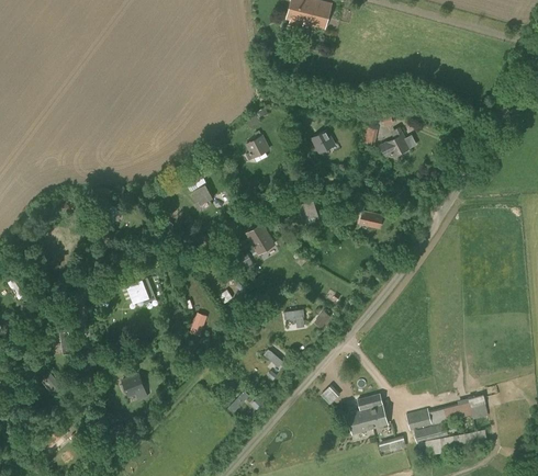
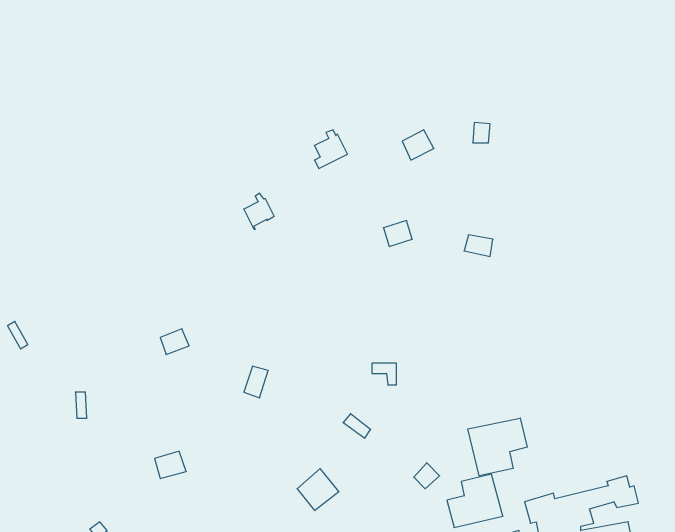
building: [380,128,415,156] -> none
building: [244,223,274,256] -> none
building: none -> [468,418,527,476]

